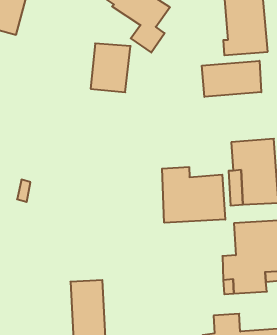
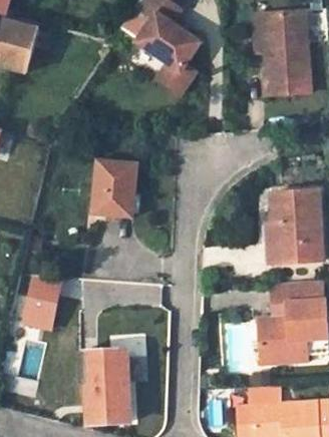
building: [91,43,131,92] -> [91,160,136,215]
building: [202,61,261,97] -> none
building: [162,167,225,223] -> none
building: none -> [17,294,54,328]

